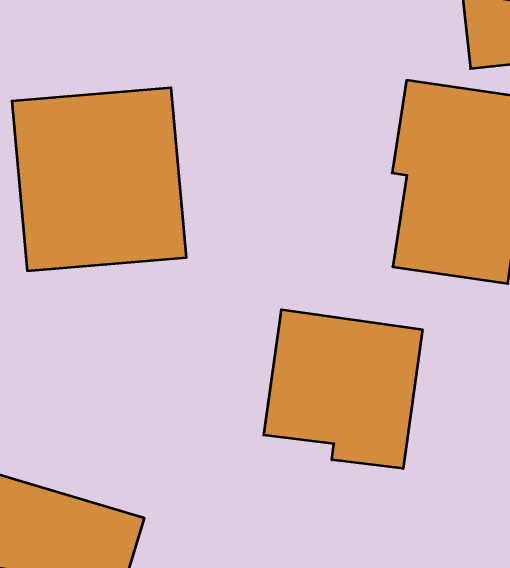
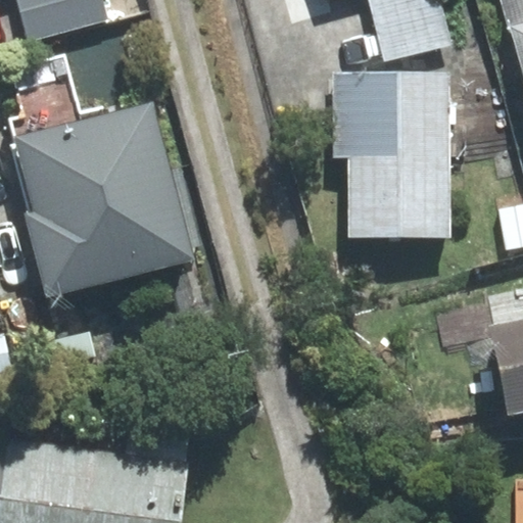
building: [264,310,422,469] -> none

